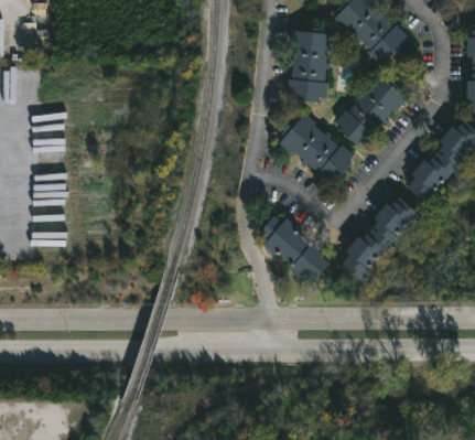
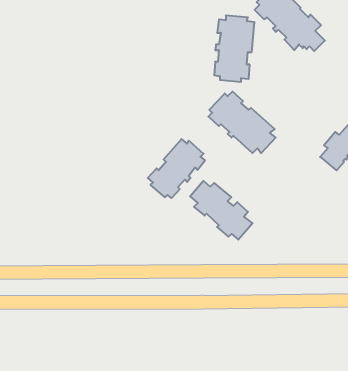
building: [334,71,409,149] -> none
building: none -> [148,139,205,198]
building: [341,197,418,285] -> none

